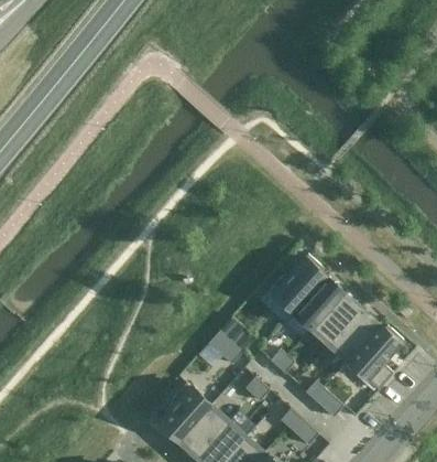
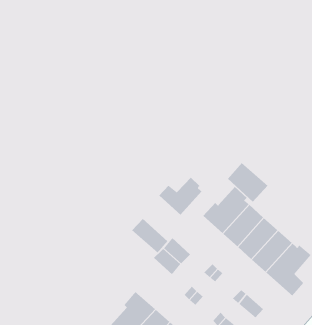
building: none -> [227,162,268,202]
building: none -> [159,177,203,216]
building: none -> [131,218,168,254]

